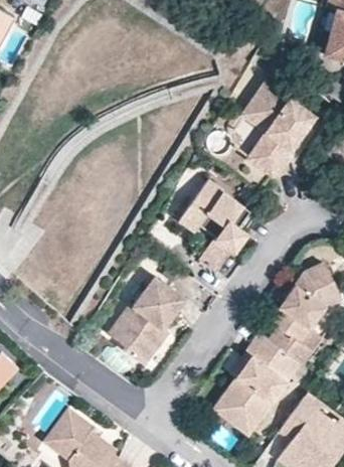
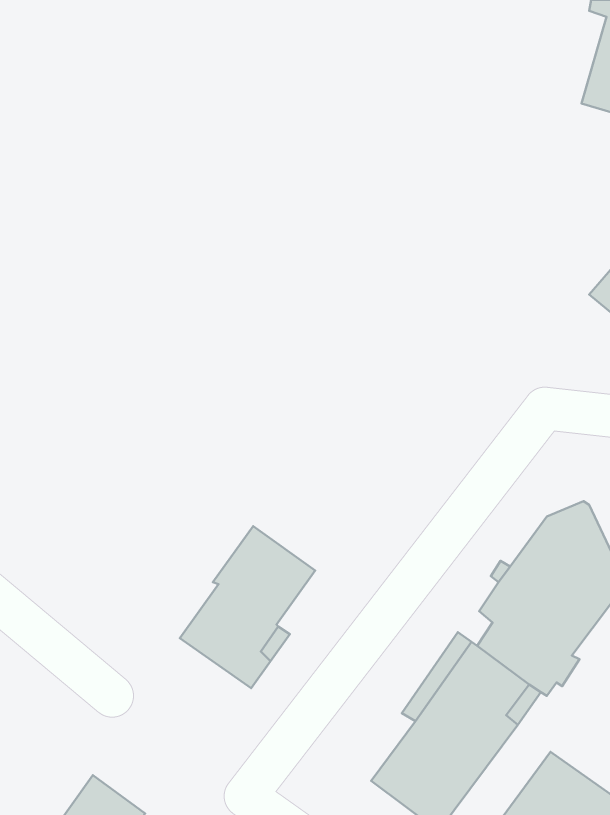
building: [241,82,313,179] -> none
building: [180,181,249,272] -> none

